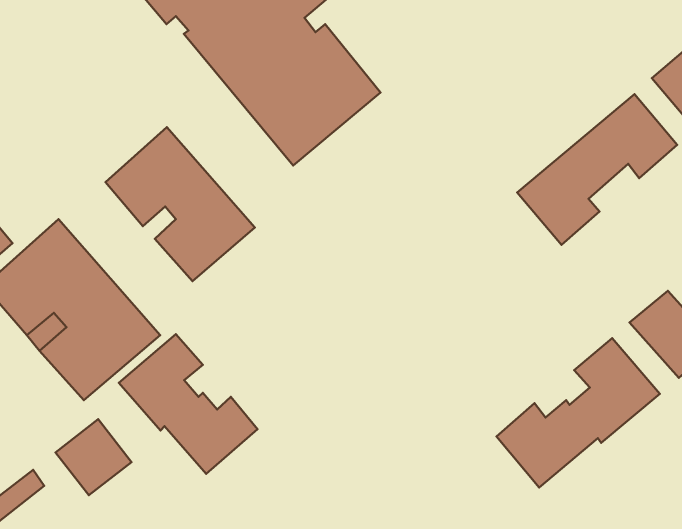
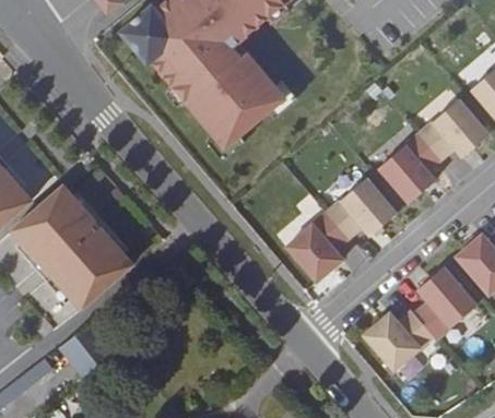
building: [105,127,255,281] -> none
building: none -> [286,178,397,282]
building: [119,334,258,474] -> none

